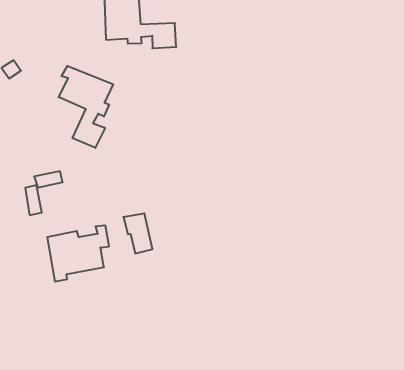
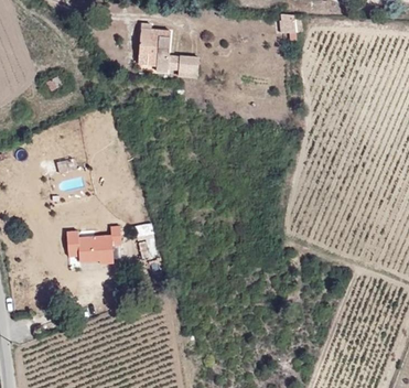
building: [59,66,113,148] -> none

